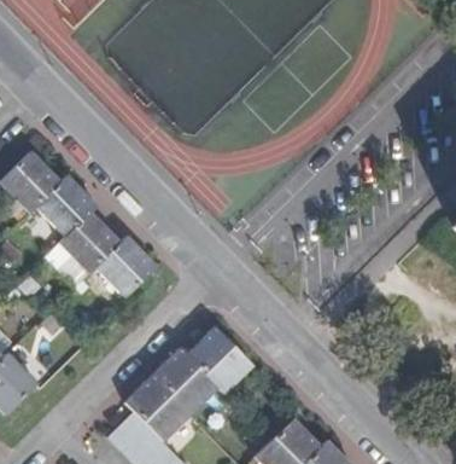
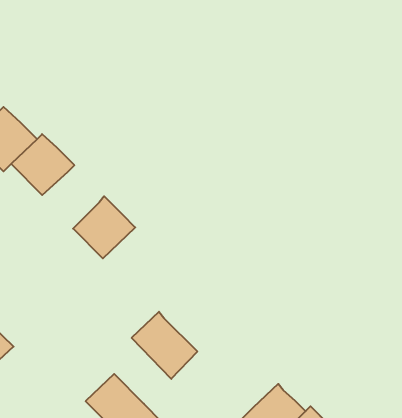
building: [59,213,122,274] -> none
building: [185,327,252,395] -> none
building: [127,375,192,439] -> none

